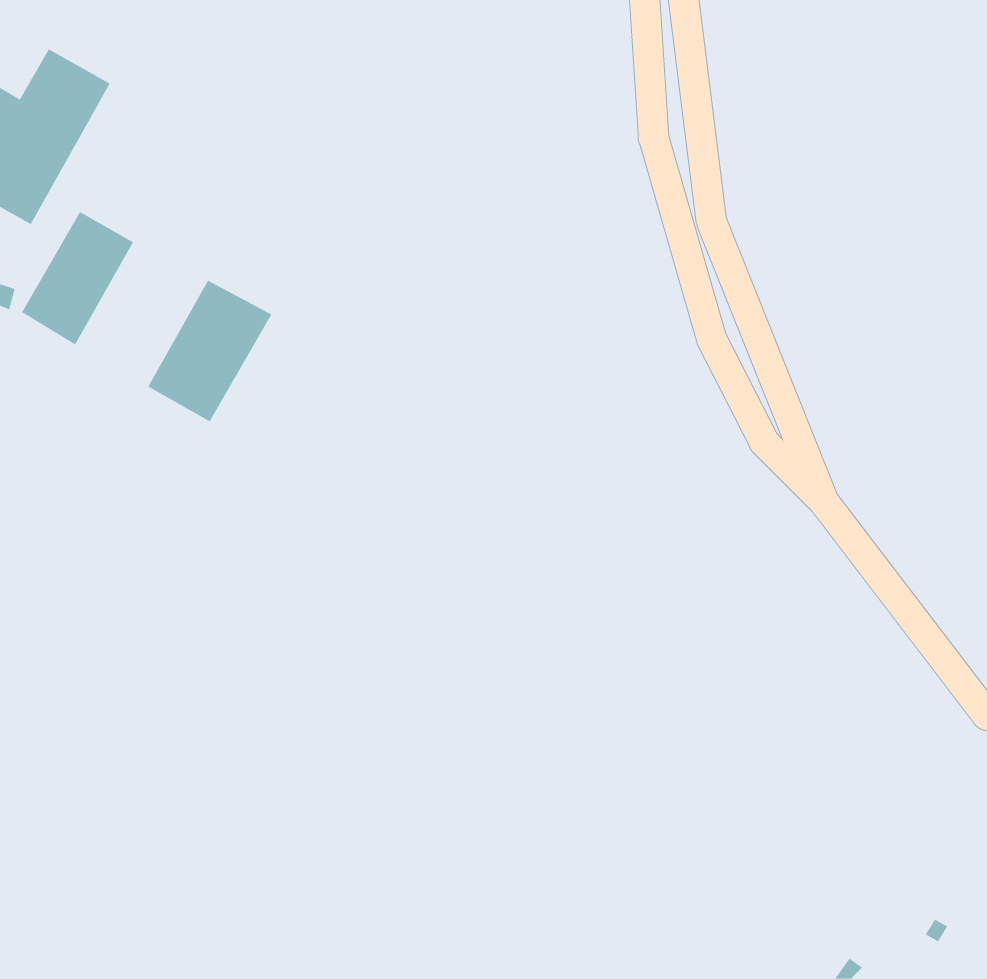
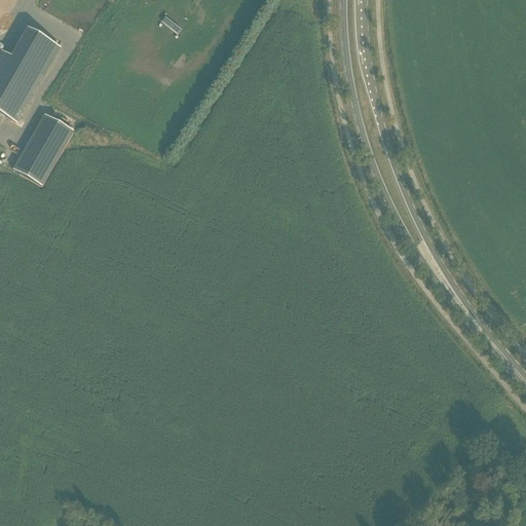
building: [147,280,272,422] -> none

